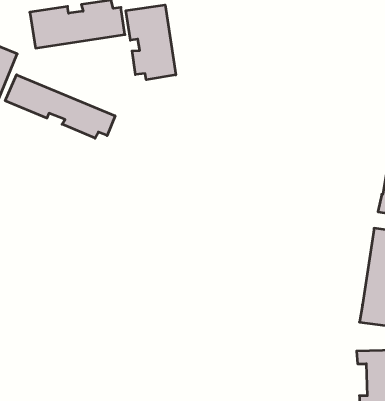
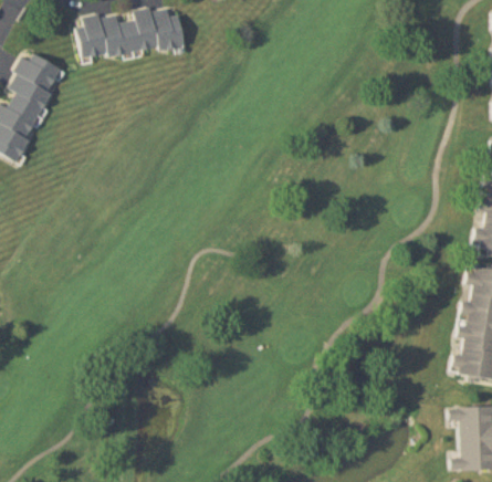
building: [126,5,176,80] -> none
building: [5,75,115,138] -> none

